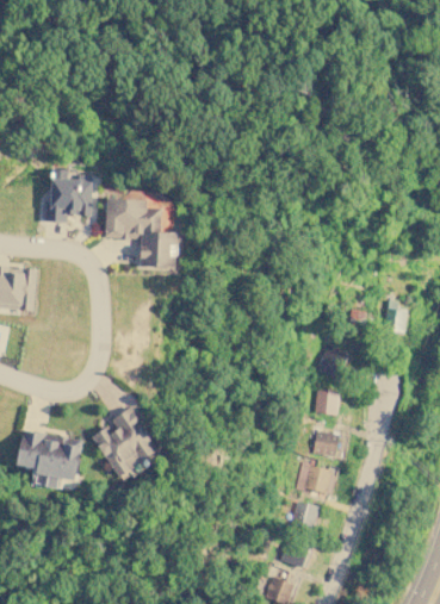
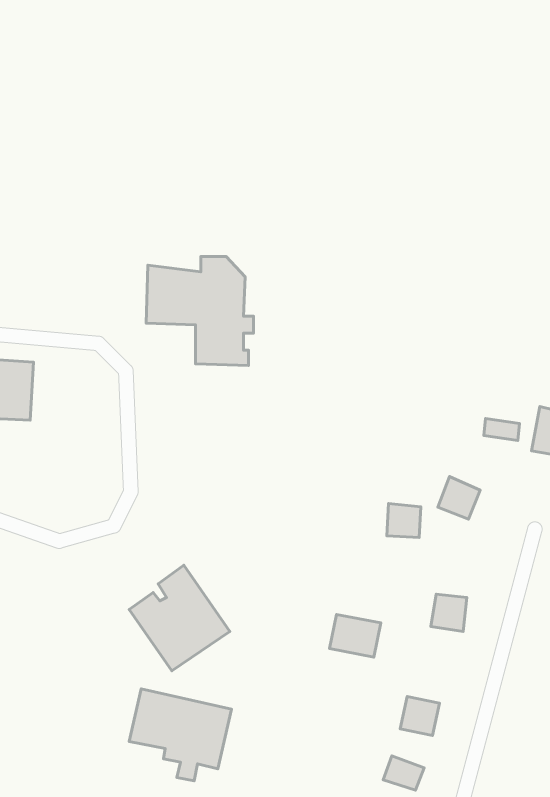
building: [43,169,91,222] -> none
building: [314,390,337,413] -> [387,504,421,538]
building: [20,429,92,493] -> [129,689,232,781]
building: [295,463,330,493] -> [330,614,381,657]

